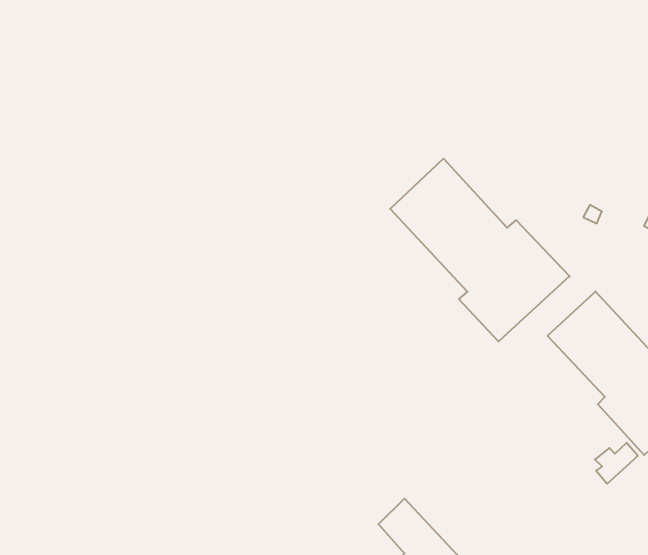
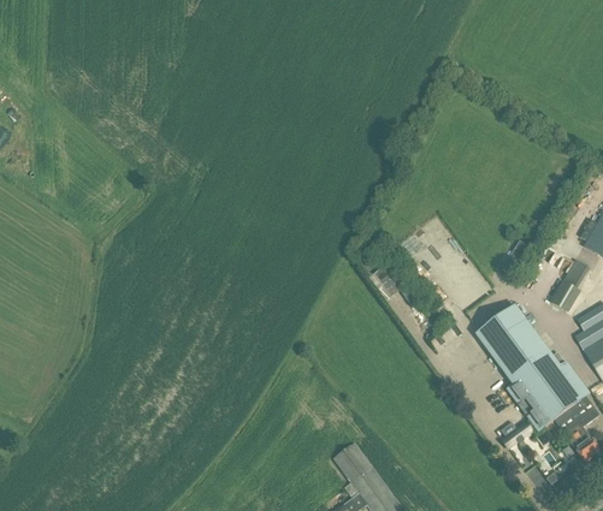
building: [390,159,570,342] -> none

